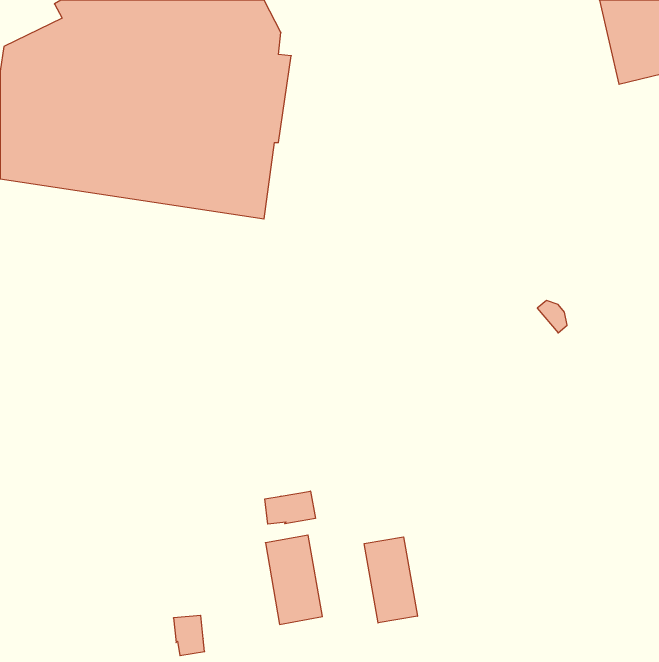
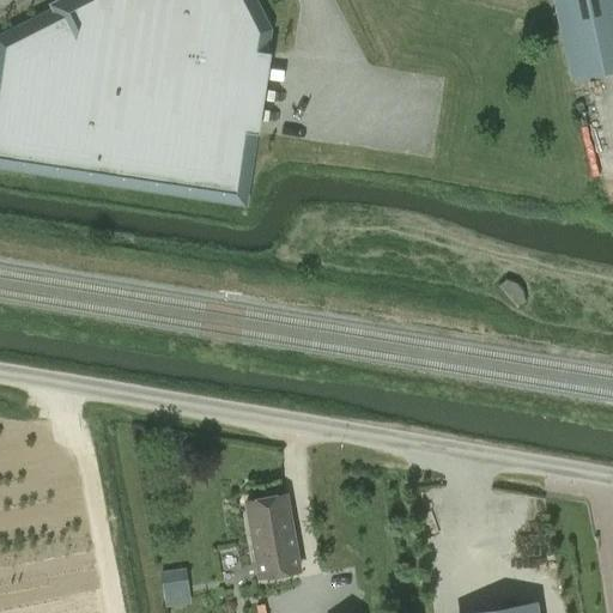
building: [265,491,315,524] -> none
building: [364,537,417,623] -> none

